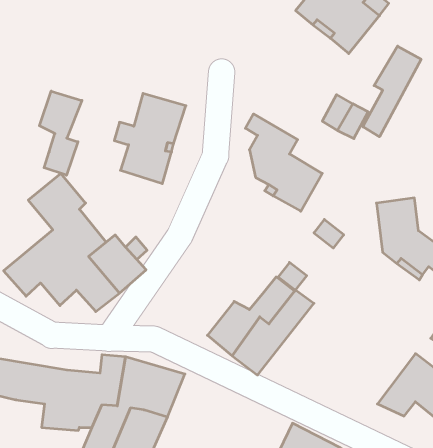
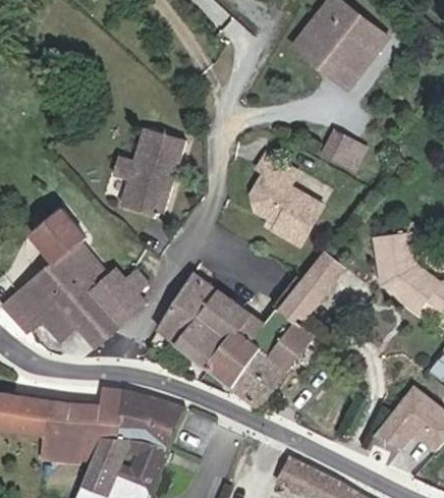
building: [363,46,421,137] -> none
building: [39,91,82,175] -> none
building: none -> [288,267,332,313]
building: none -> [157,274,263,369]

